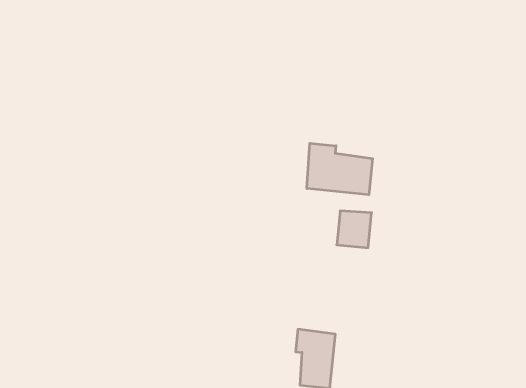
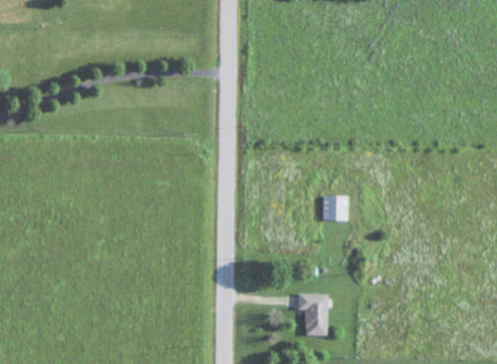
building: [307,143,373,195] -> none

